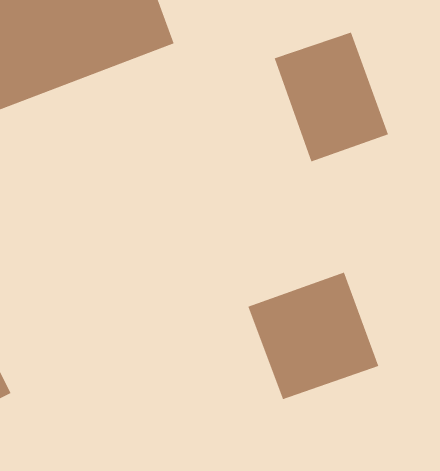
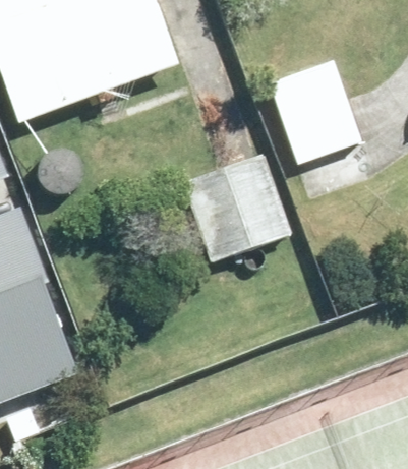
building: [248,272,379,400] -> [180,152,292,260]

